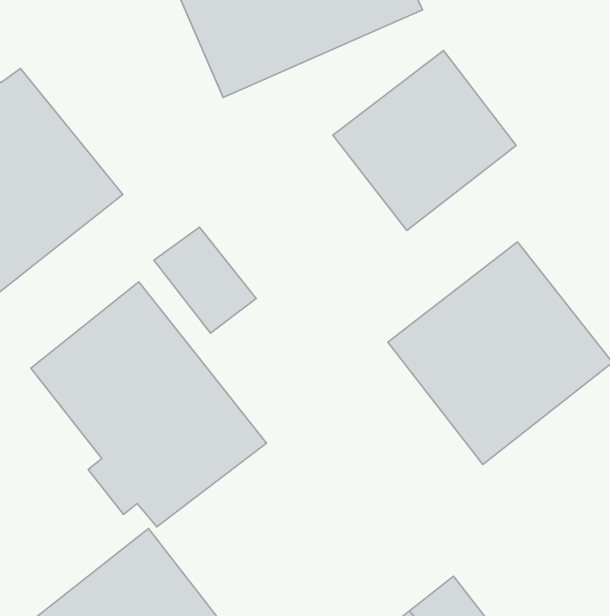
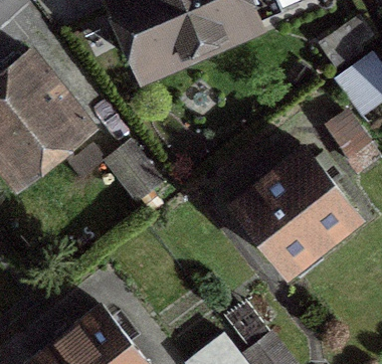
building: [333,51,516,231] -> none
building: [31,282,266,527] -> none

